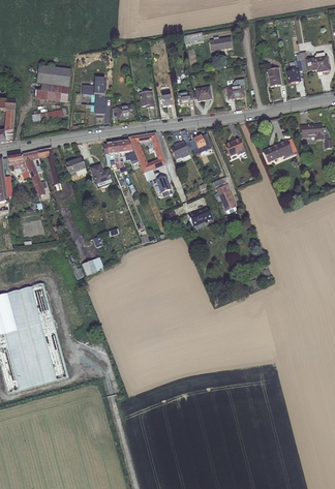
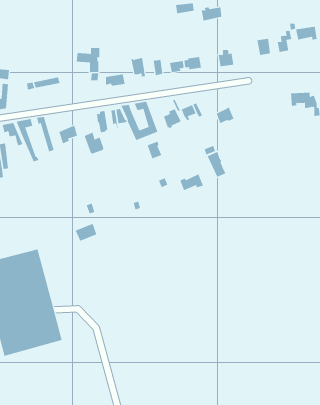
building: [34,65,70,99] -> none
building: [263,137,296,160] -> none

